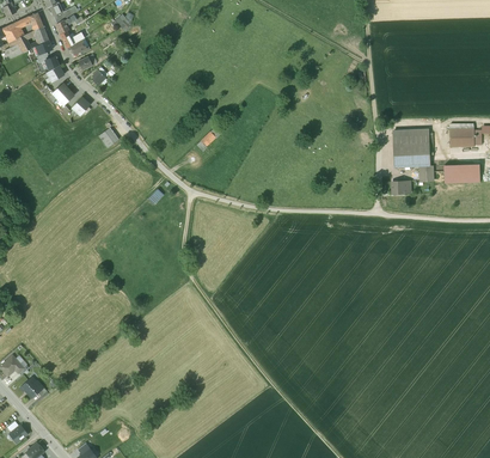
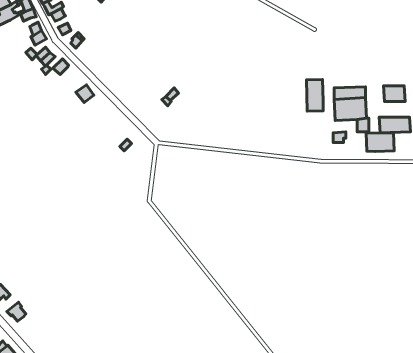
building: none -> [306,79,323,111]
building: none -> [366,133,394,152]

